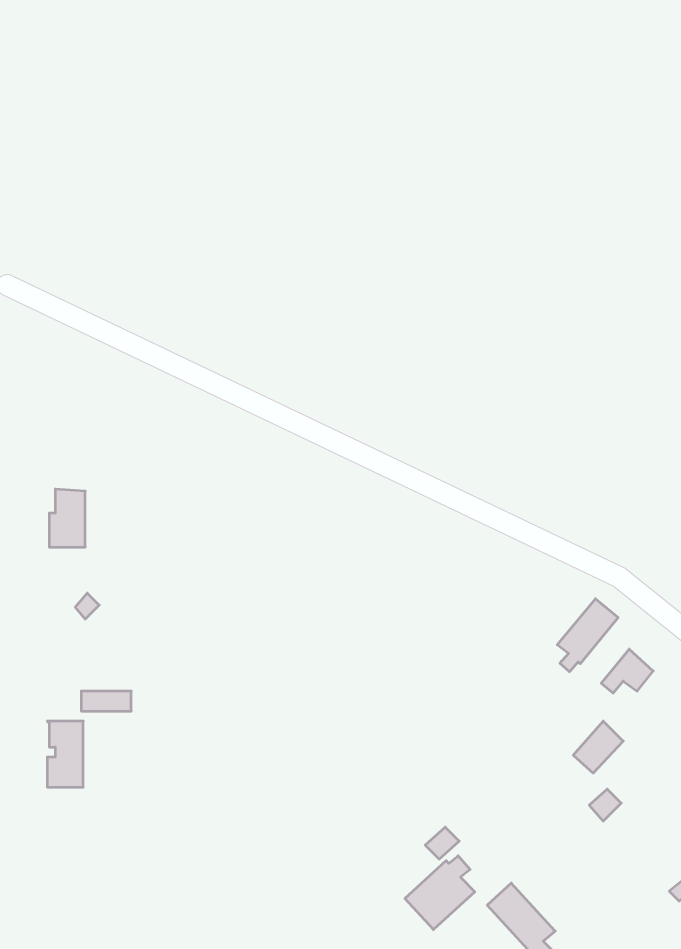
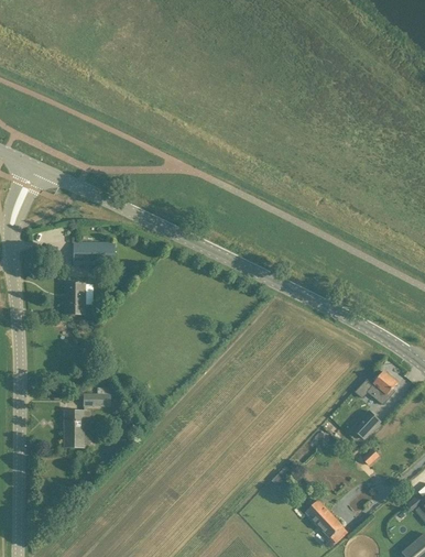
building: none -> [73,242,115,264]
building: [557,599,618,672] -> none
building: [405,856,475,930] -> none

